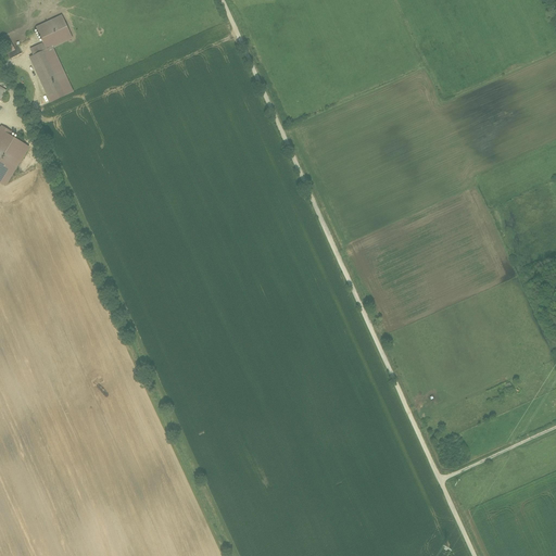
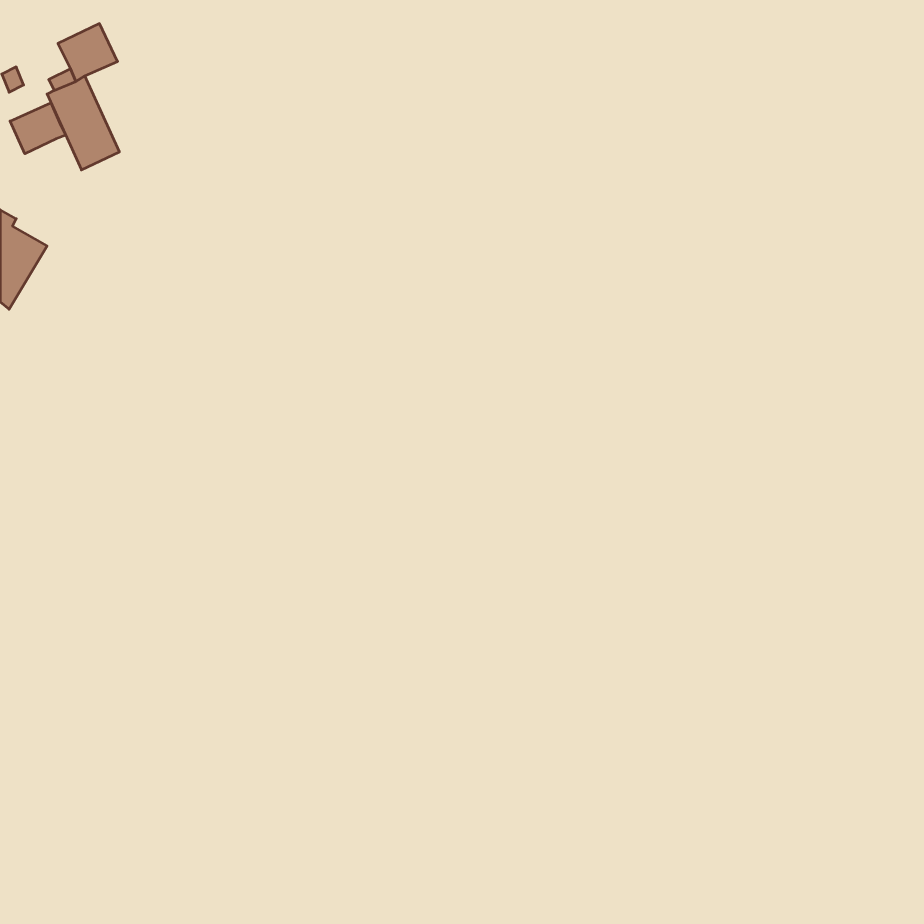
building: none -> [10,103,66,154]

